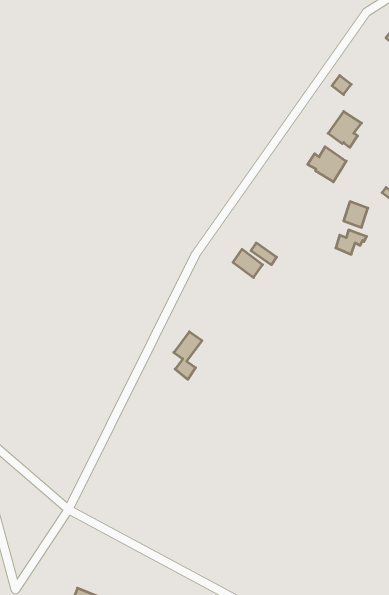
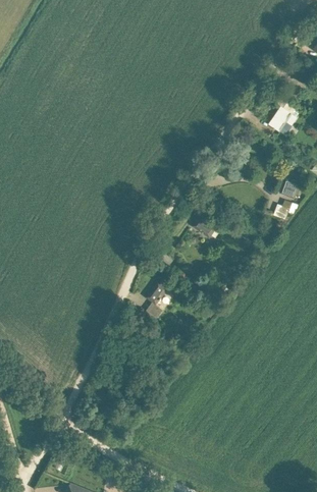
building: [308,147,346,182] -> none

